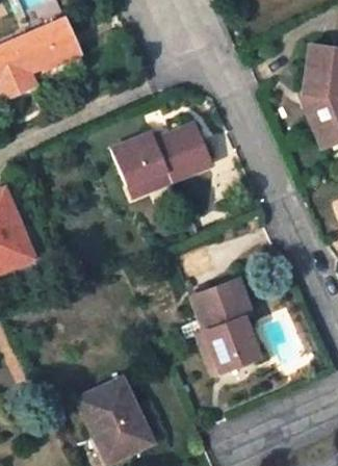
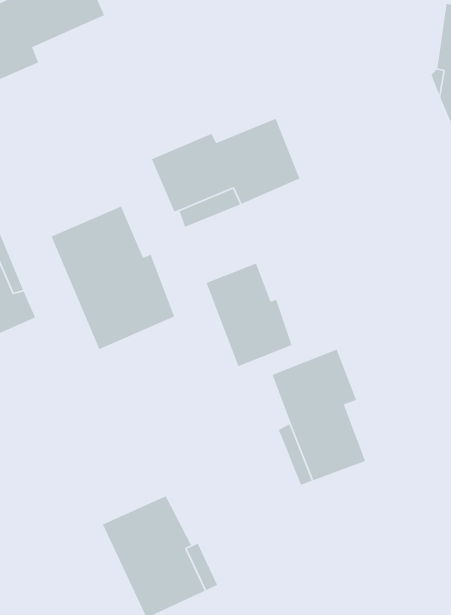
building: none -> [50,205,175,350]
building: none -> [205,263,293,367]

